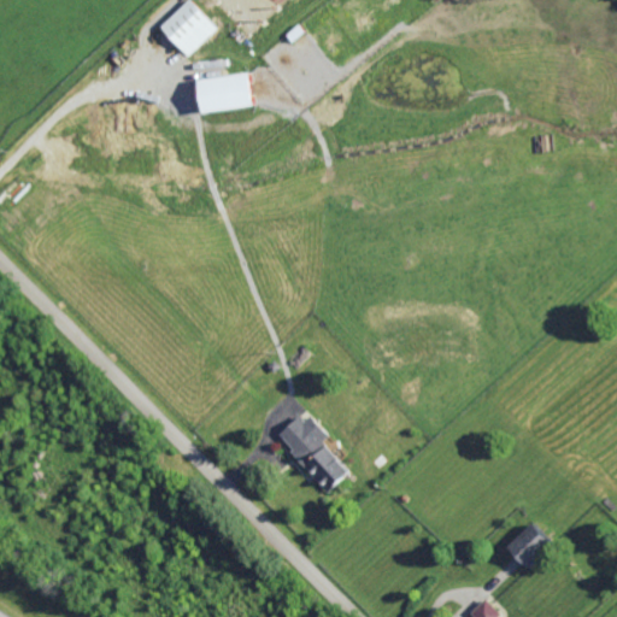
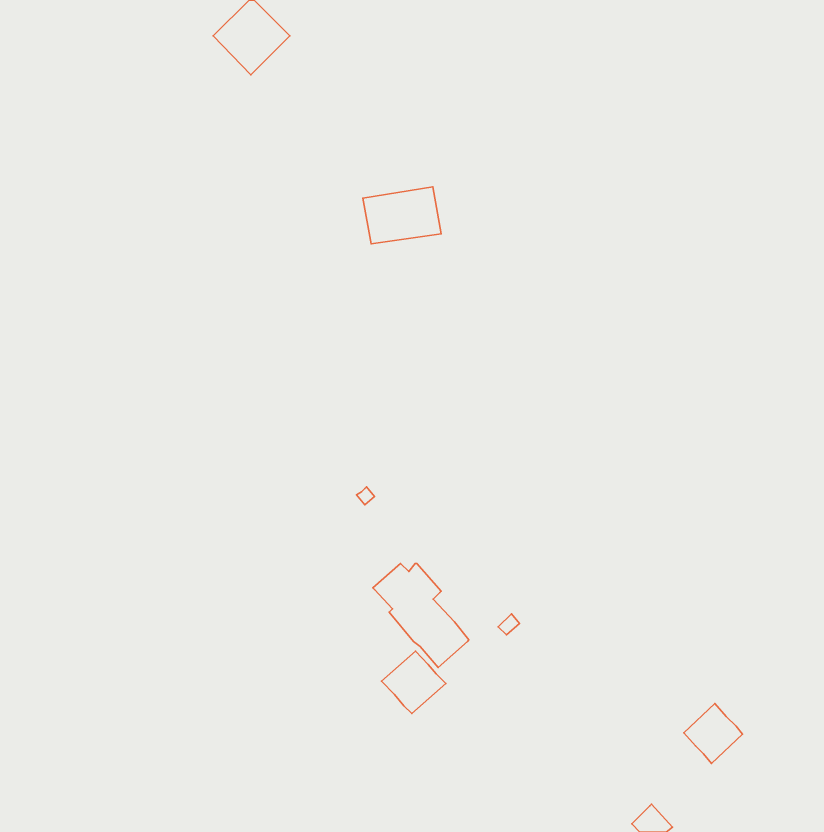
building: [195,71,253,113] -> [363,187,441,244]
building: none -> [382,651,446,713]

